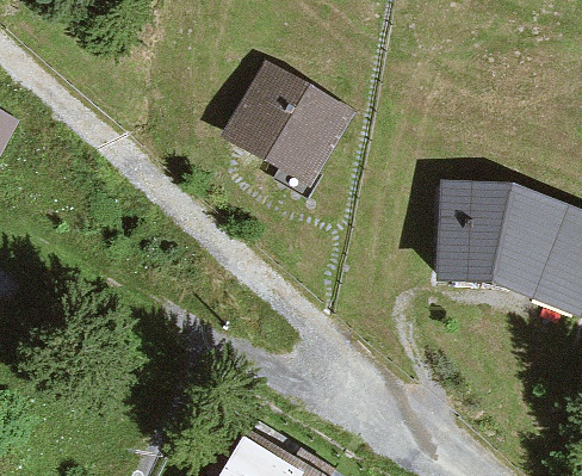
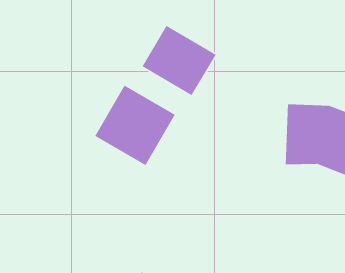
building: none -> [94,85,176,166]

